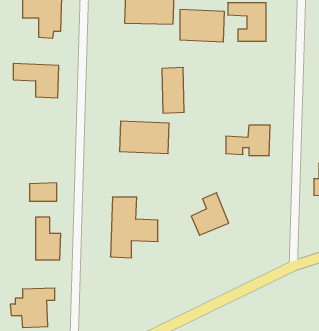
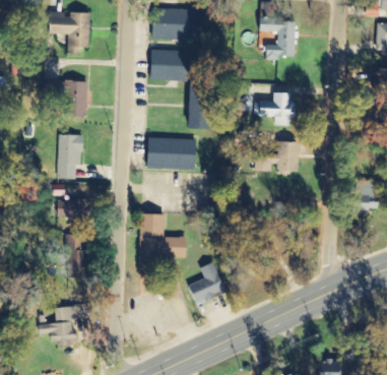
building: [180,10,224,42] -> [152,49,197,81]
building: none -> [254,91,295,125]
building: none -> [56,134,84,179]
building: [191,193,229,235] -> [189,261,227,304]

